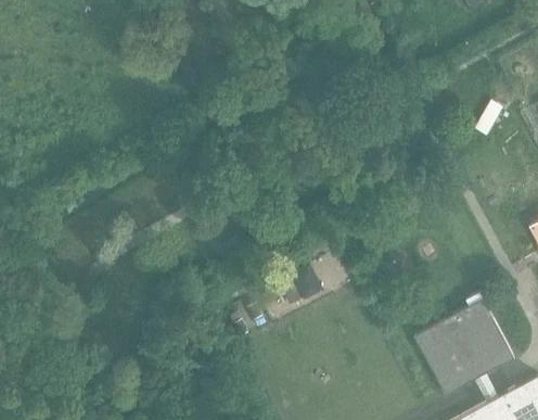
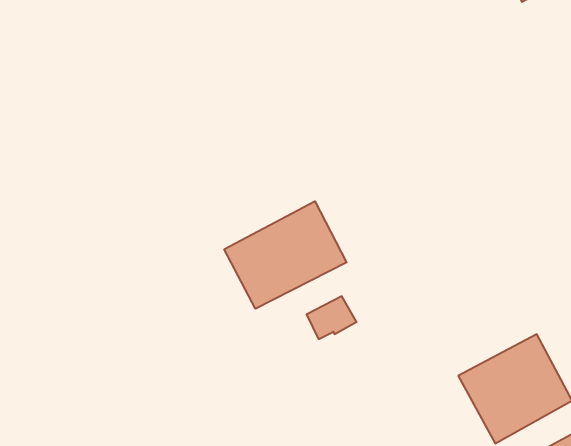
building: none -> [224,201,347,309]

